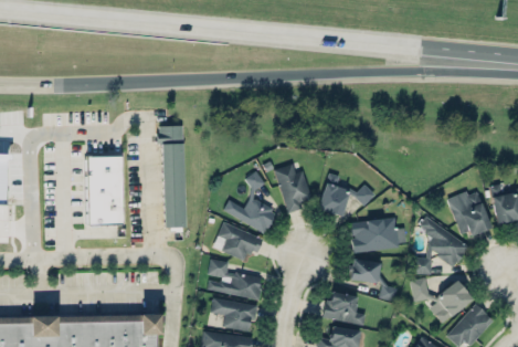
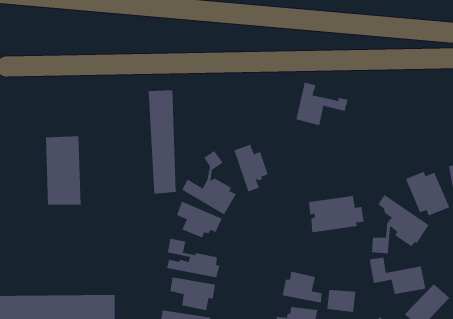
building: [158,126,187,231] -> [148,90,177,194]
building: [319,174,372,218] -> [296,82,348,126]
building: [350,261,380,284] -> [326,289,356,312]

